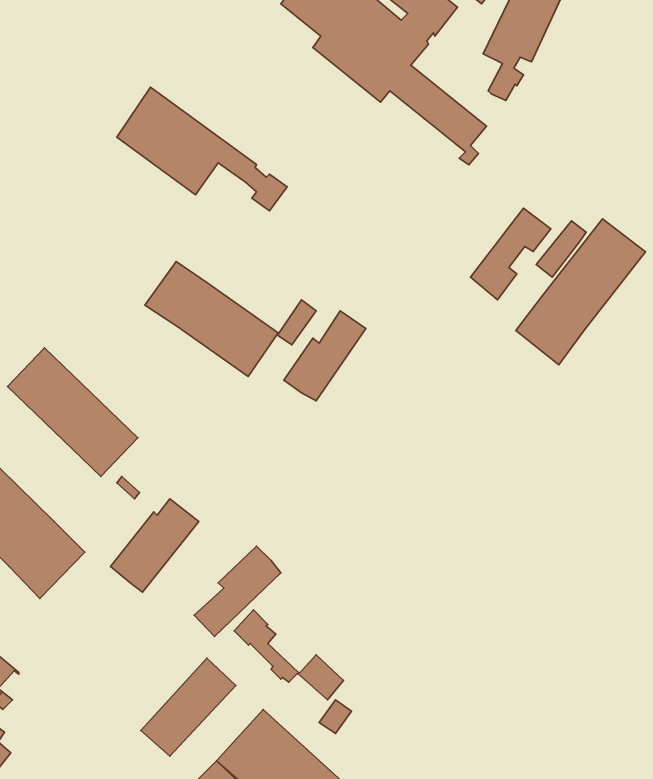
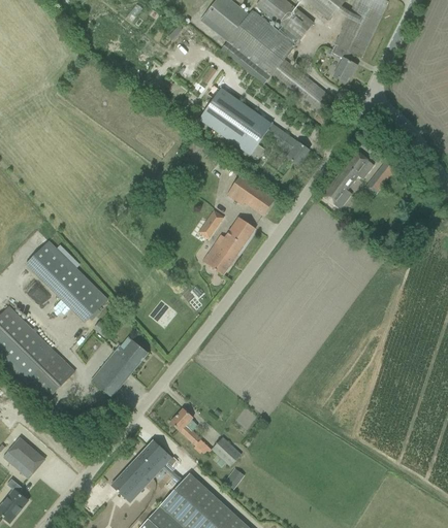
building: [117,87,287,211] -> [199,86,309,165]
building: [516,219,645,365] -> none
building: none -> [227,175,275,214]
building: [145,261,278,376] -> none
building: [194,546,281,637] -> none

